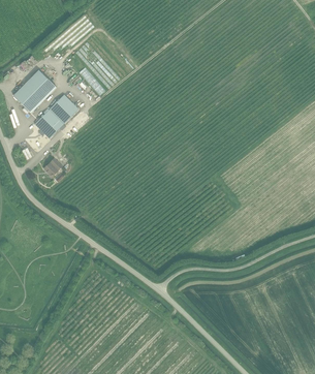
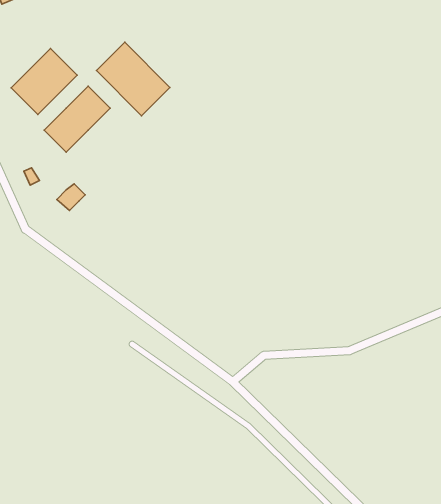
building: none -> [96,42,170,116]

